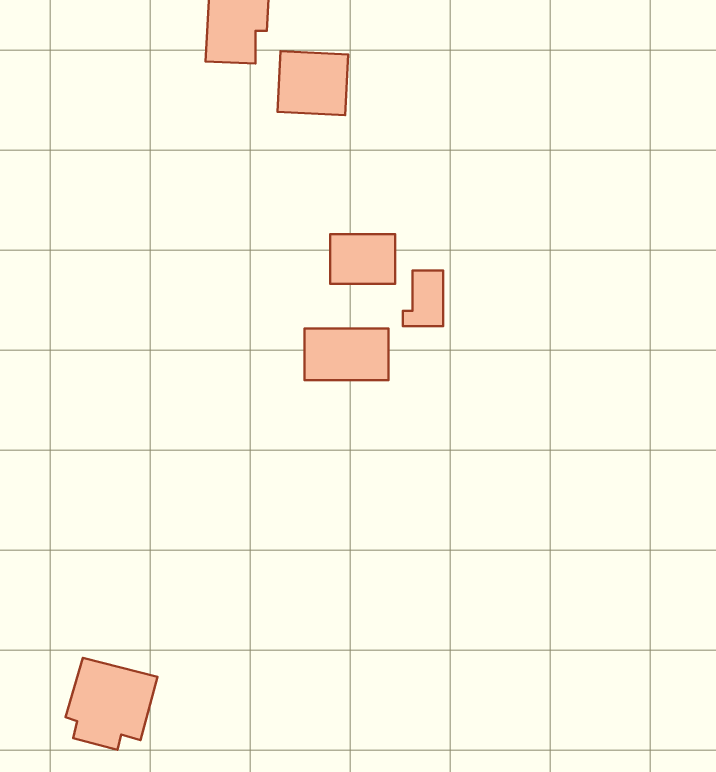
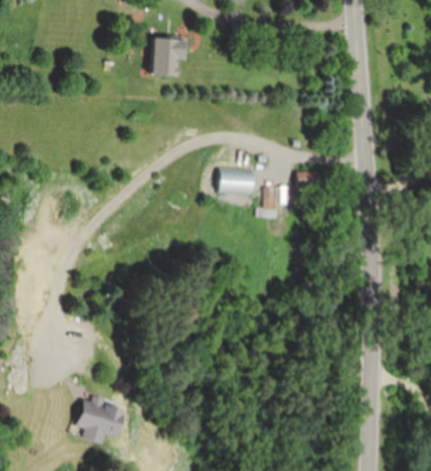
building: [277,51,348,115] -> none
building: [305,328,388,380] -> none

